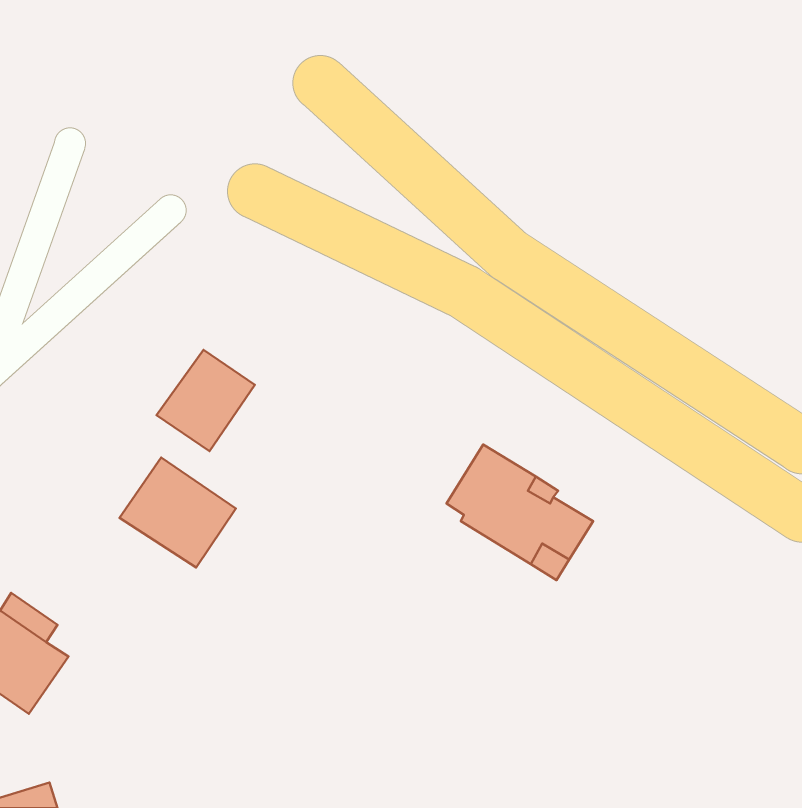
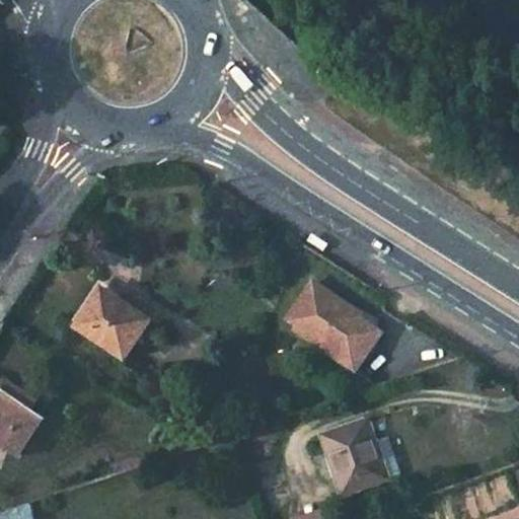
building: [156,350,255,451] -> none
building: none -> [318,419,380,493]

